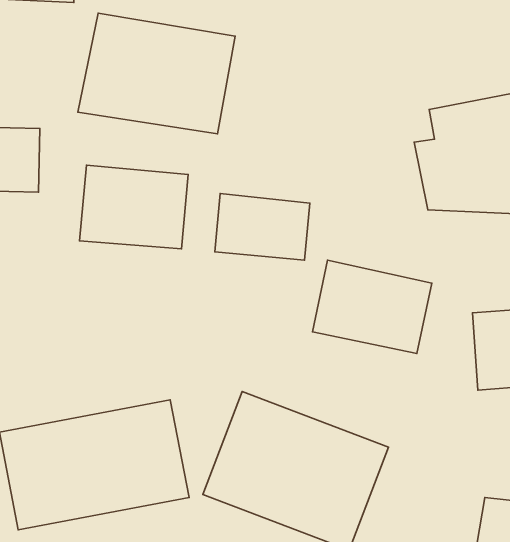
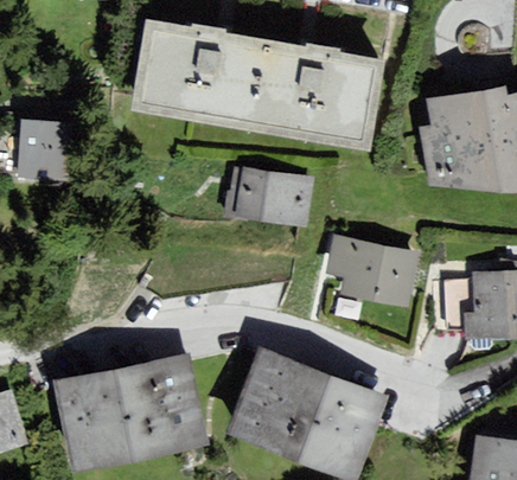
building: none -> [237,36,390,140]
building: [79,165,188,249] -> none

